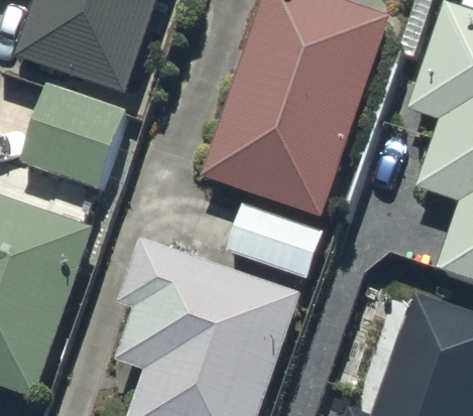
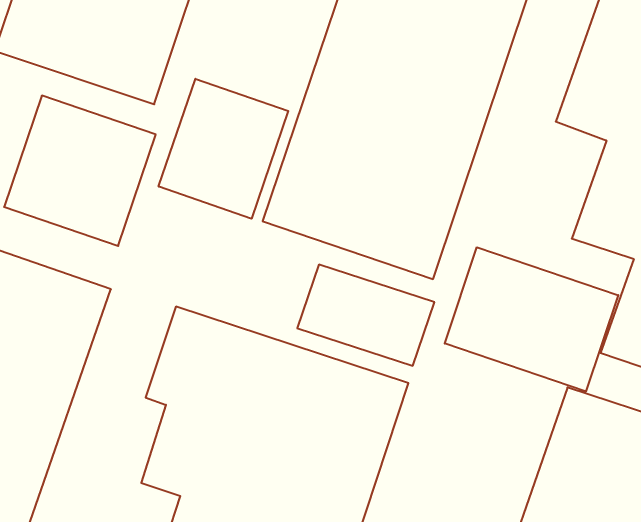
building: none -> [159,79,288,219]
building: none -> [445,247,618,391]

